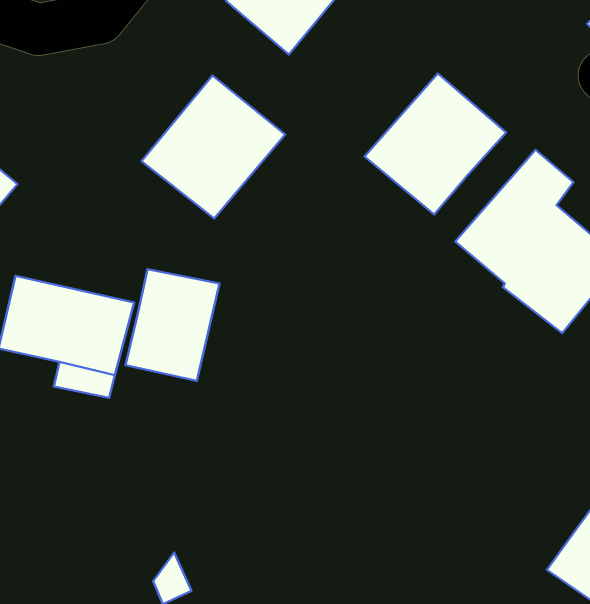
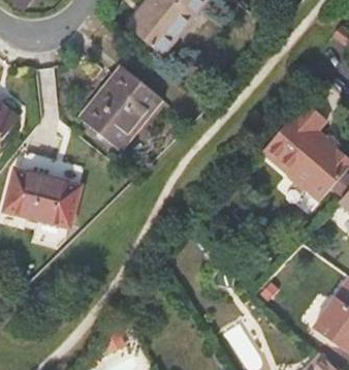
building: [364,74,506,215] -> none
building: [125,269,220,381] -> none

